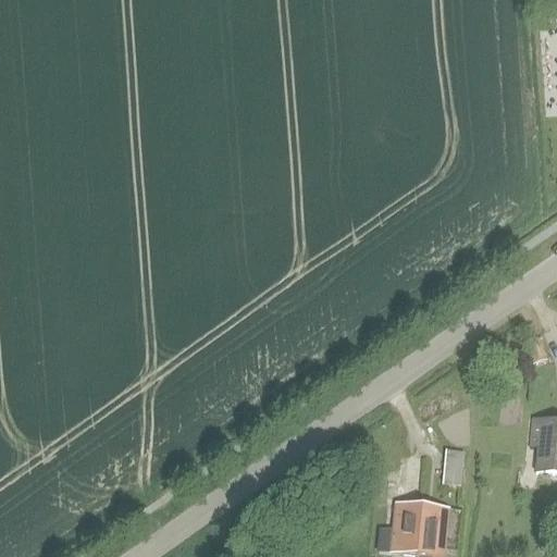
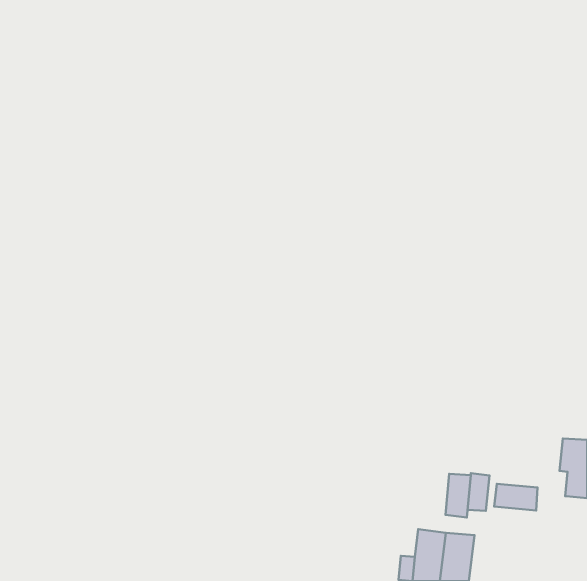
building: none -> [445,474,471,518]
building: none -> [494,484,538,510]

